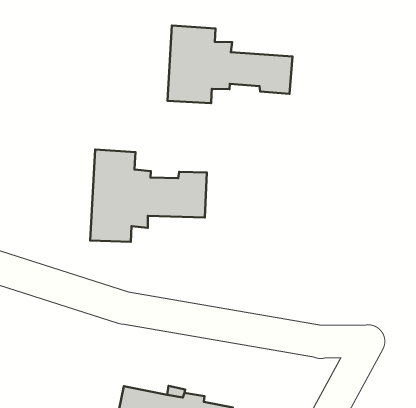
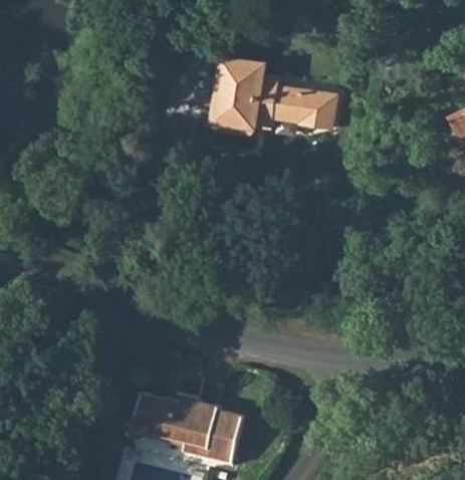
building: [90,150,207,242] -> none

